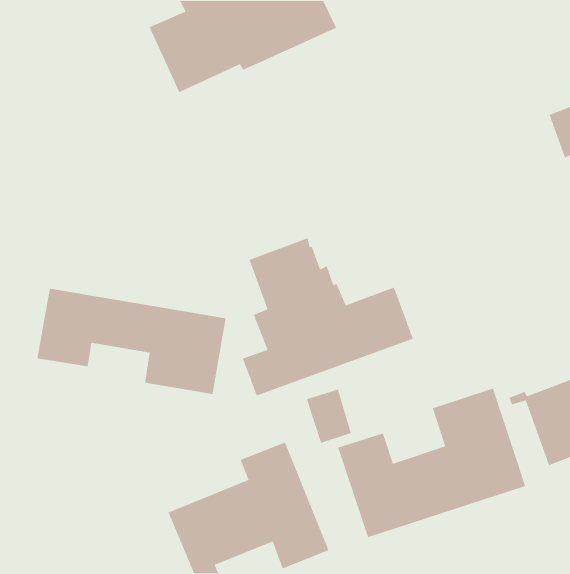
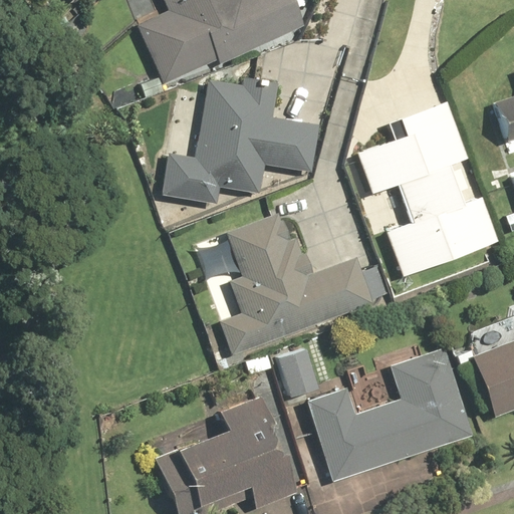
building: none -> [162,75,320,203]
building: none -> [356,101,499,276]
building: [37,288,227,395] -> none

